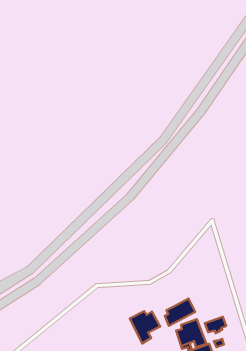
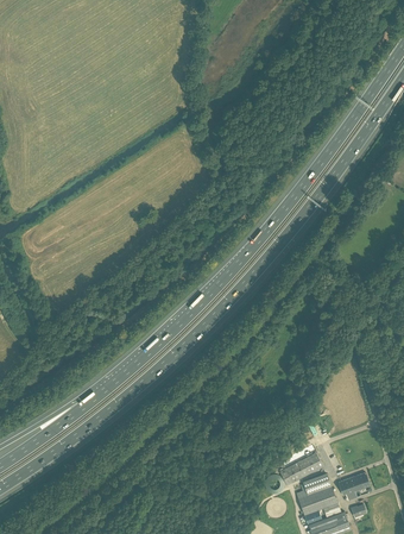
building: [130,311,160,343] -> none

